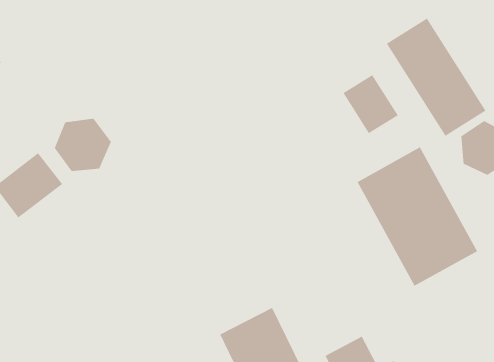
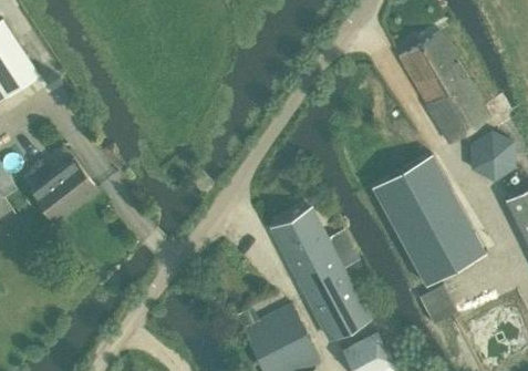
building: [342,74,399,134] -> none
building: [54,118,112,172] -> none
building: none -> [271,208,367,340]

